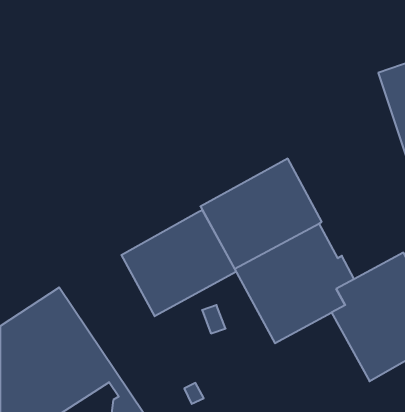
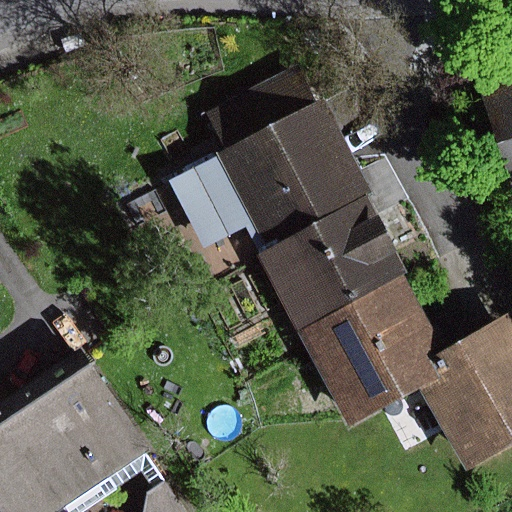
building: none -> [187,71,372,257]
building: [121,210,236,316] -> none

